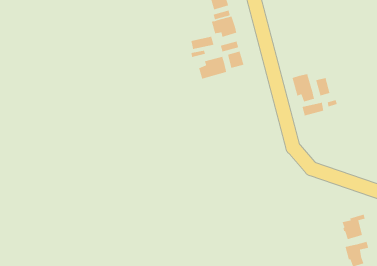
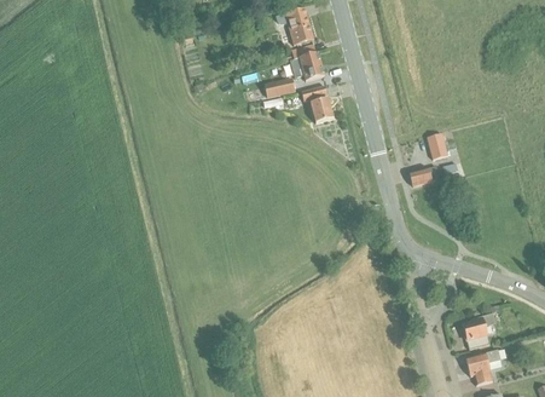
building: [198,56,227,80] -> none
building: [291,73,315,103] -> none

